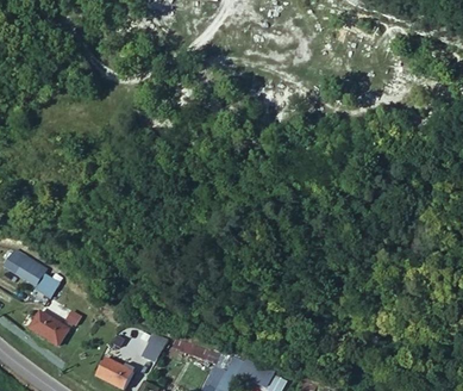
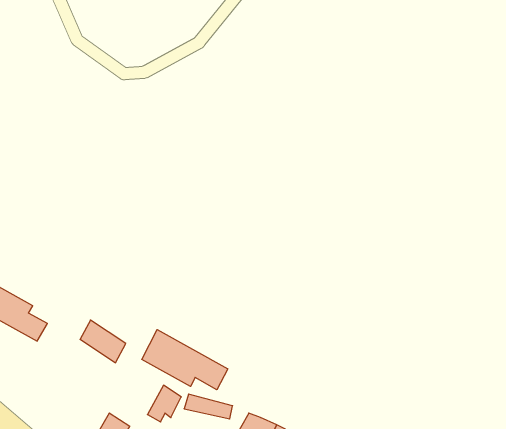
building: none -> [142,330,228,390]
building: [30,314,67,348] -> [80,320,126,363]

